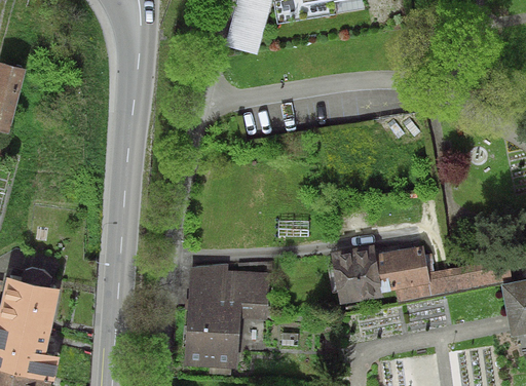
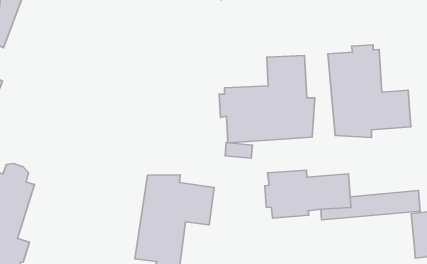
building: none -> [328,45,411,137]
building: none -> [219,55,315,143]

